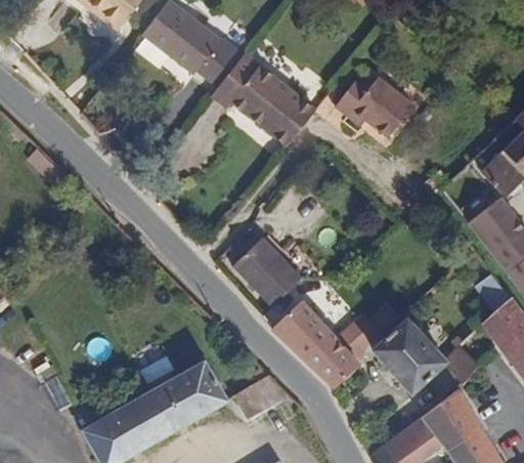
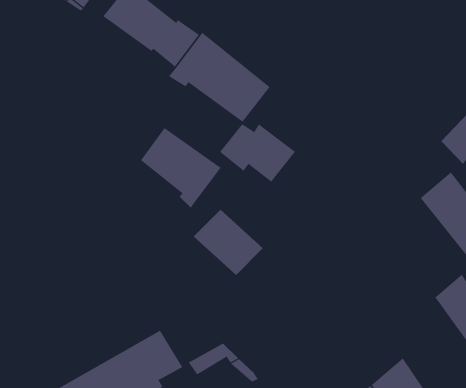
building: [334,75,413,136] -> [219,123,296,182]
building: none -> [140,127,221,208]
building: [276,301,385,393] -> none
building: [379,318,453,393] -> none

